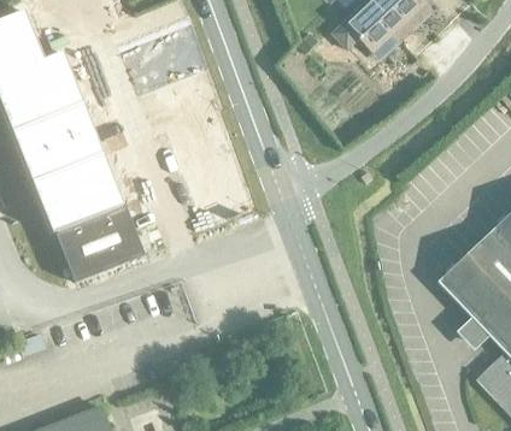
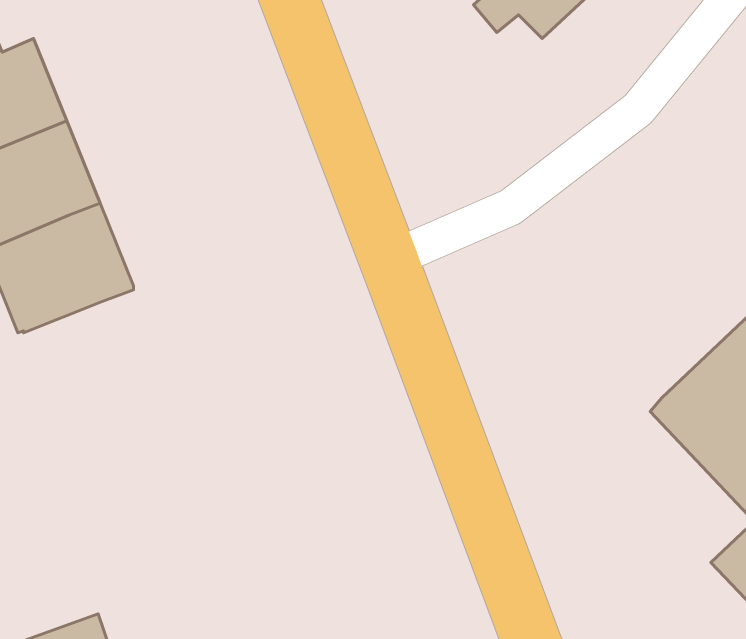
building: [57,206,145,282] -> none

